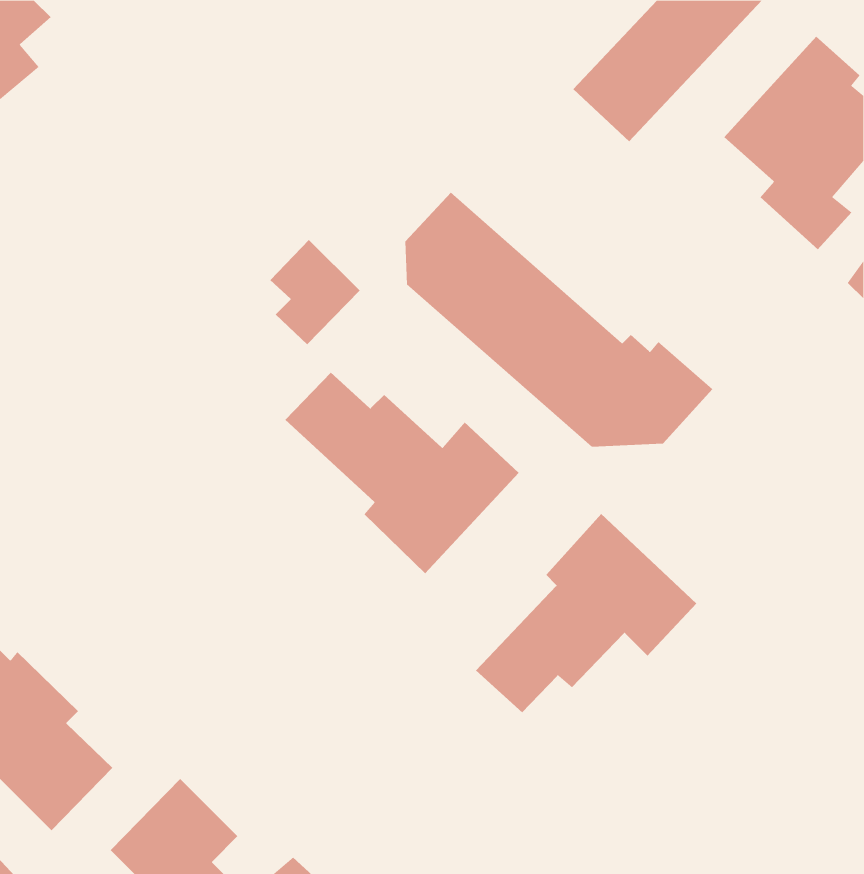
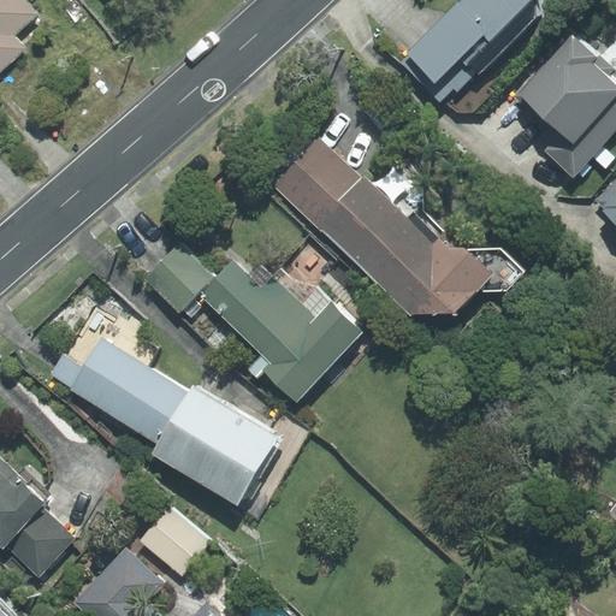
building: [270,239,360,345] -> [149,239,213,314]
building: none -> [70,339,284,502]
building: [475,513,697,713] -> none
building: none -> [138,505,211,578]

